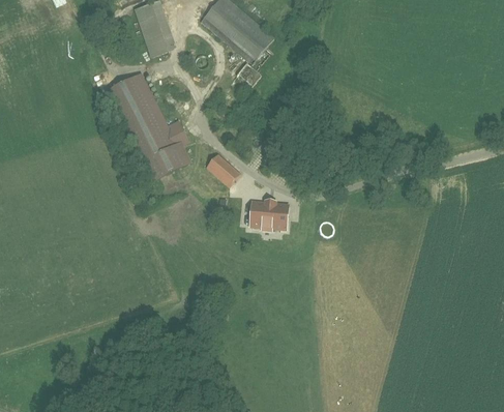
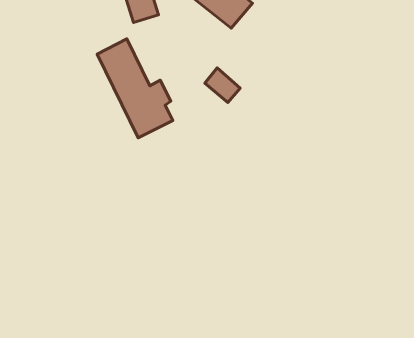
building: [205,151,243,188] -> [205,68,240,103]
building: [247,199,288,230] -> none

